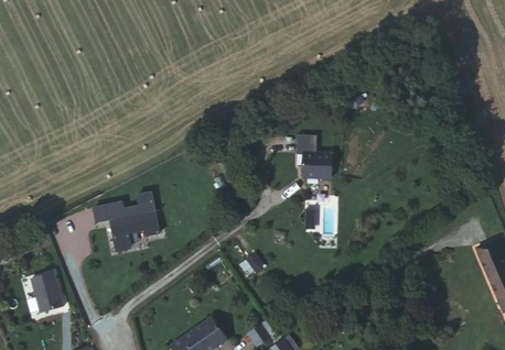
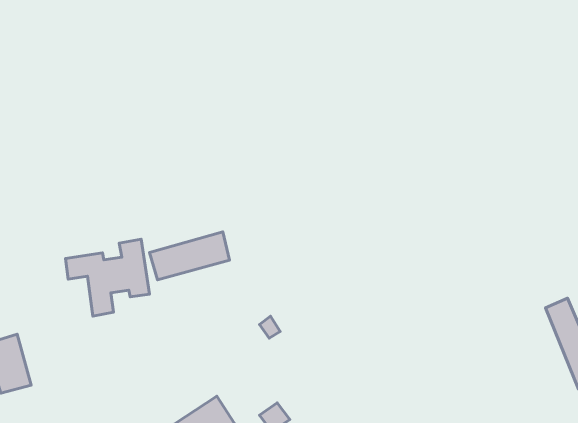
building: [301,147,330,175] -> none
building: none -> [149,232,229,280]

